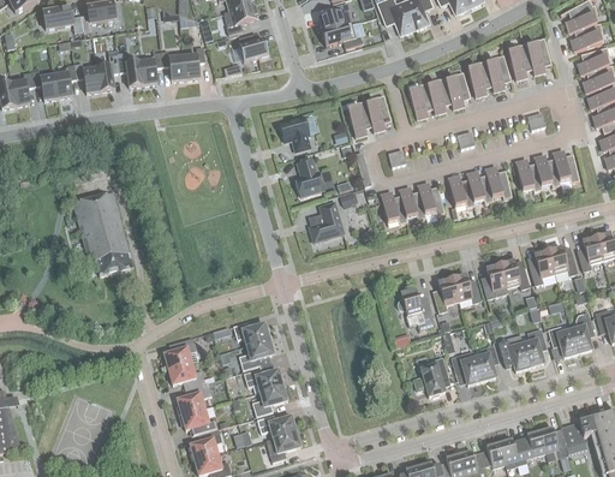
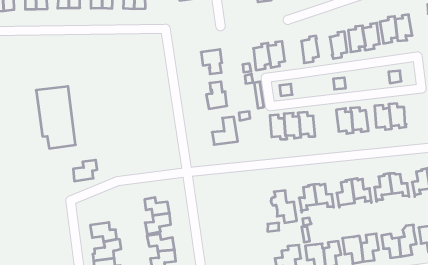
building: [426,77,452,113] -> none
building: [551,150,579,181] -> none
building: [448,175,474,207] -> none
building: [163,338,195,369] -> [73,160,97,181]

